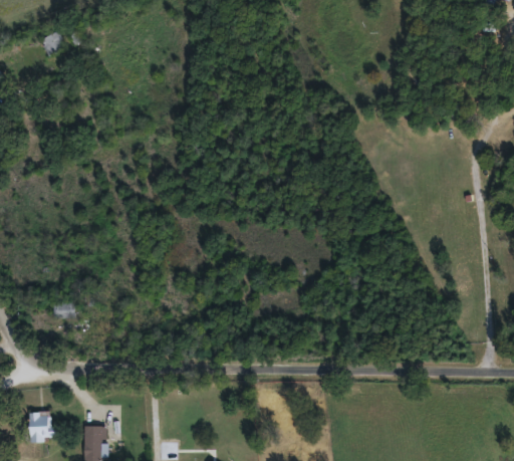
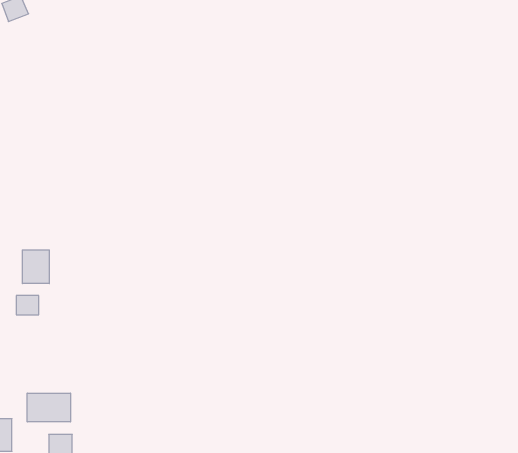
building: none -> [22,250,49,284]
building: none -> [27,393,70,422]

